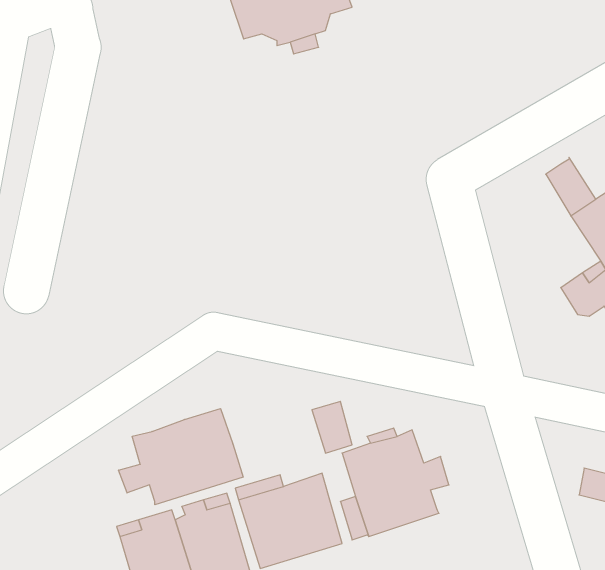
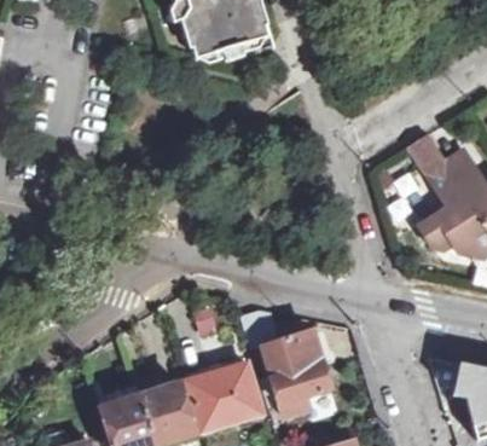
building: [119,409,243,505] -> none

